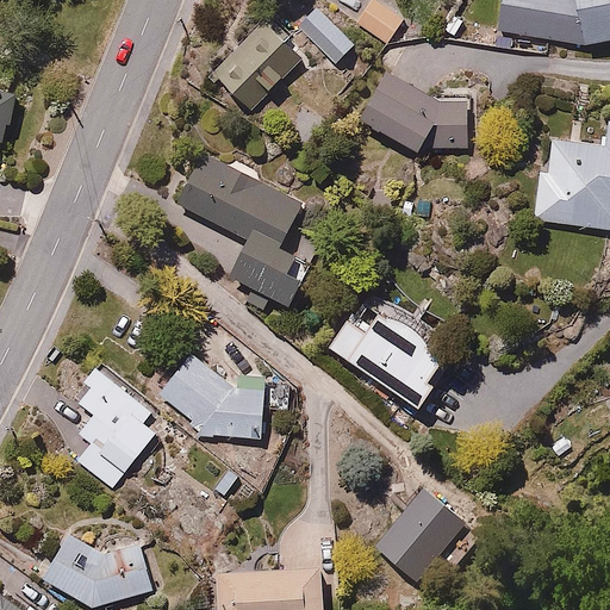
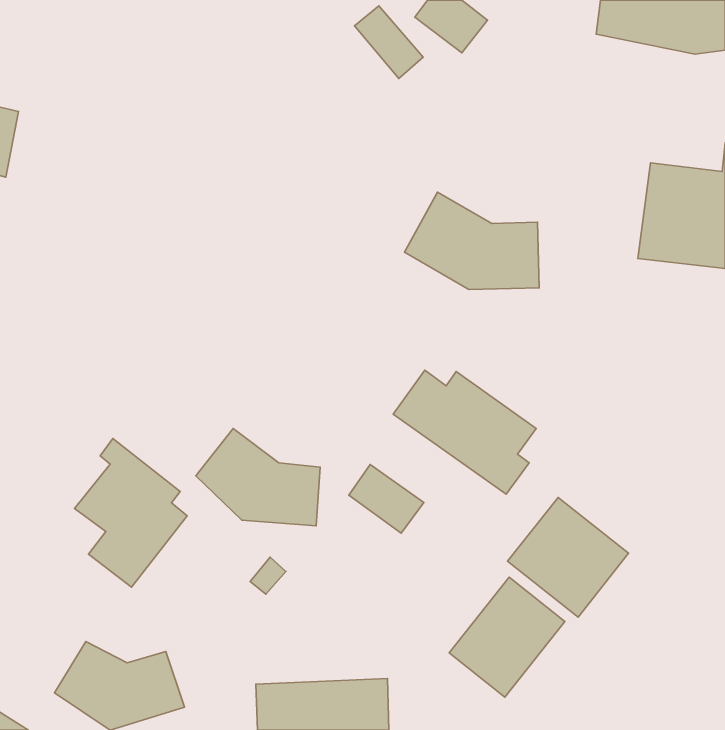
building: [214,19,303,107] -> none
building: [362,70,474,151] -> [405,192,539,289]
building: [183,156,313,310] -> none
building: none -> [349,465,424,533]
building: none -> [508,497,629,617]

